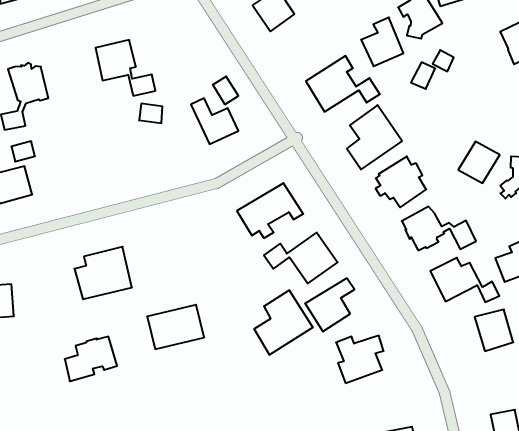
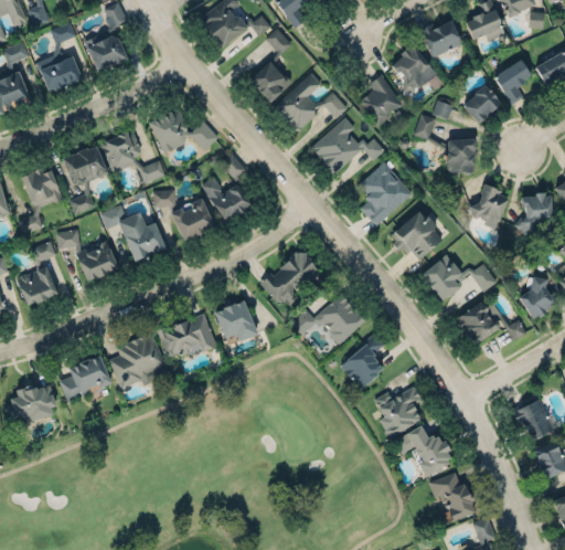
building: none -> [274,74,348,133]
building: none -> [148,109,218,154]
building: none -> [463,83,501,121]
building: none -> [62,144,107,215]
building: none -> [445,137,476,172]
building: none -> [99,204,166,260]
building: none -> [171,199,215,242]
building: none -> [55,229,118,282]
building: none -> [214,300,258,342]
building: [254,290,313,355] -> none
building: [147,305,204,349] -> [158,314,216,362]
building: [475,309,513,351] -> [513,400,554,443]
building: [65,337,117,381] -> [60,353,111,402]
building: none -> [394,423,450,474]

